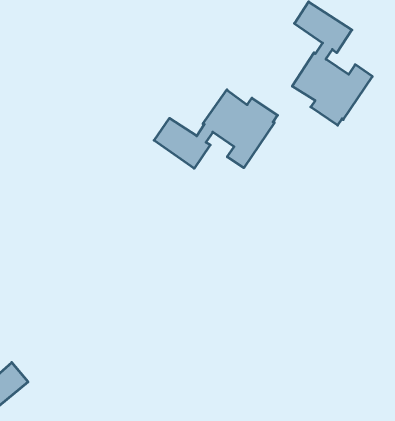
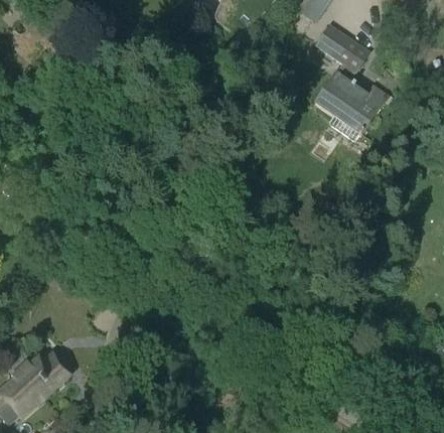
building: [154,90,278,168] -> none

